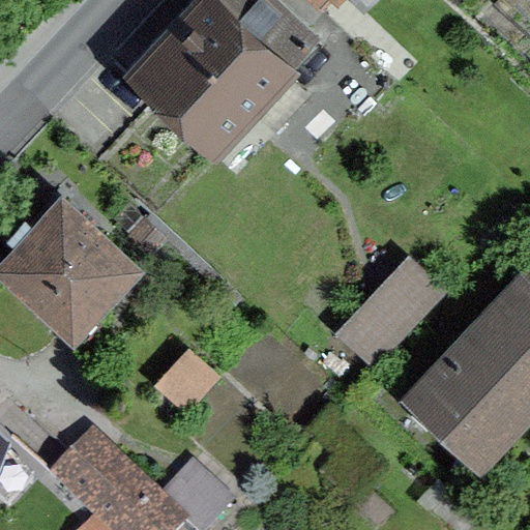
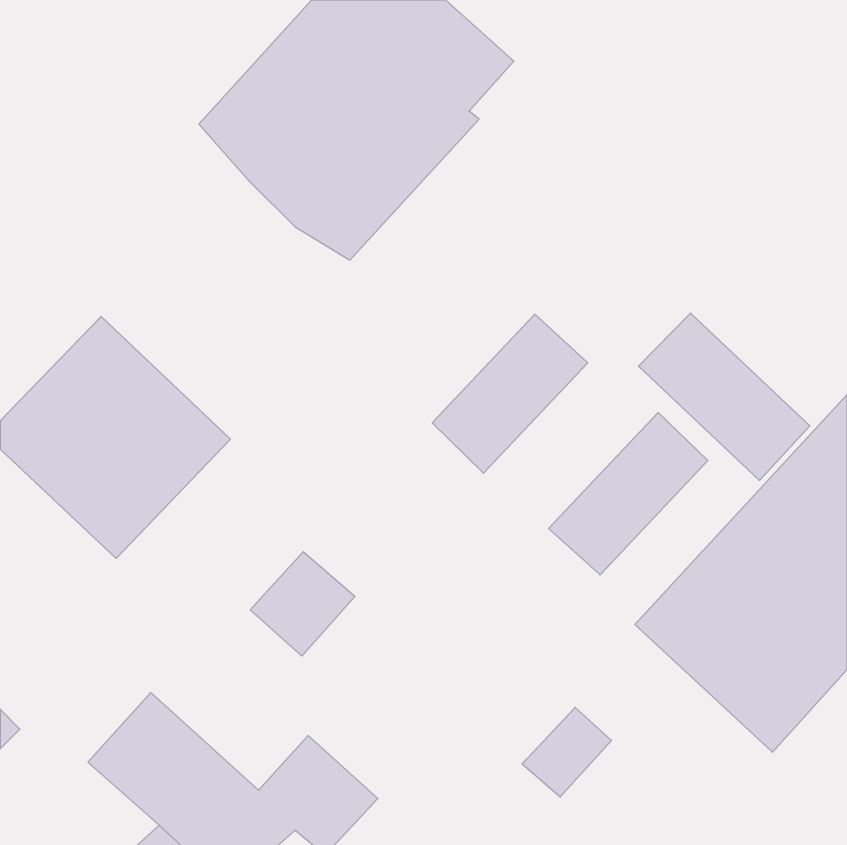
building: none -> [638,313,810,480]
building: none -> [432,314,588,473]

